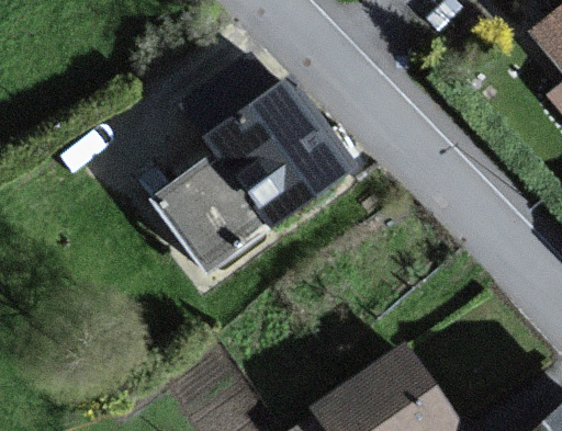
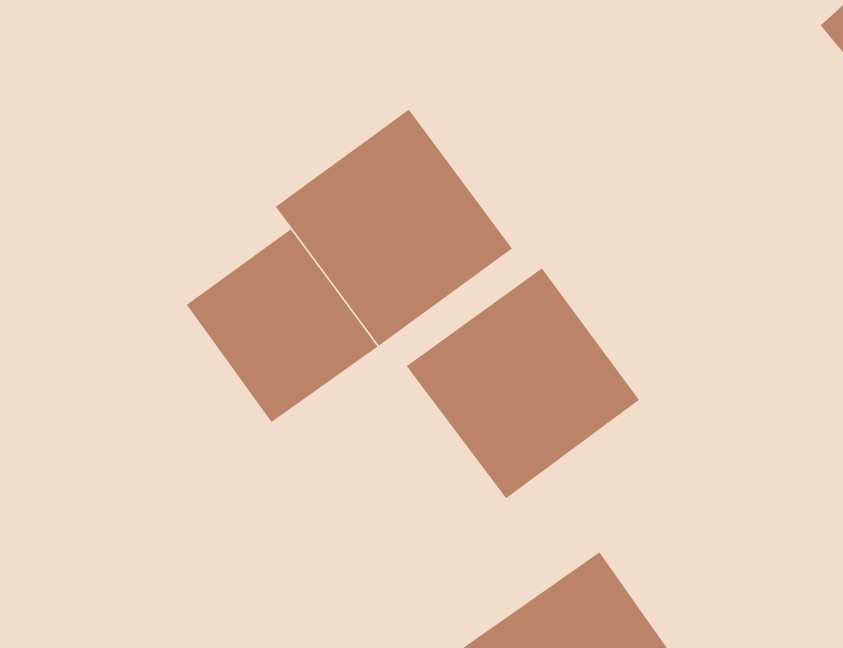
building: none -> [406,267,640,499]

